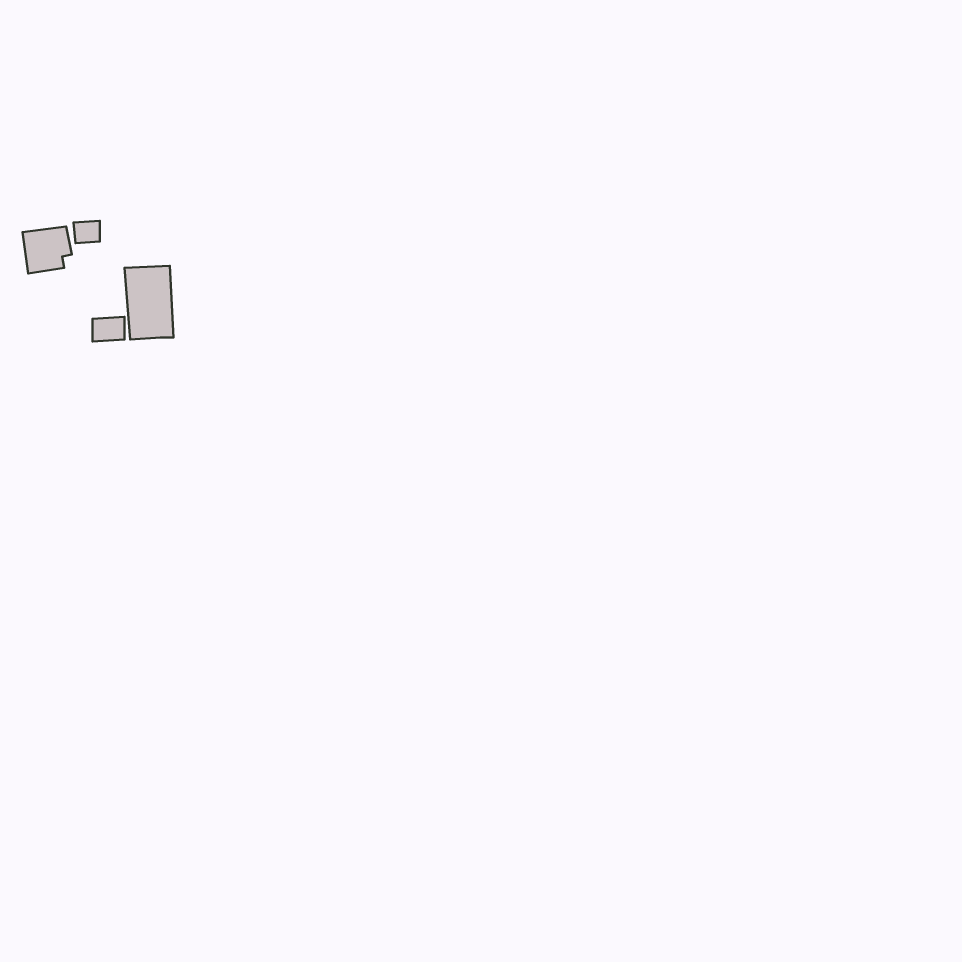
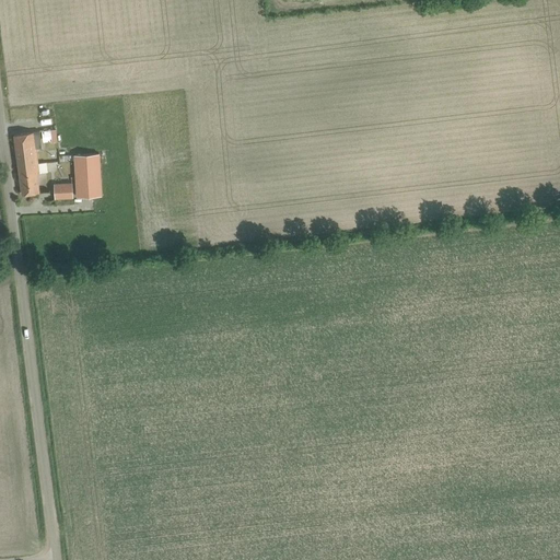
building: none -> [16,156,38,195]

